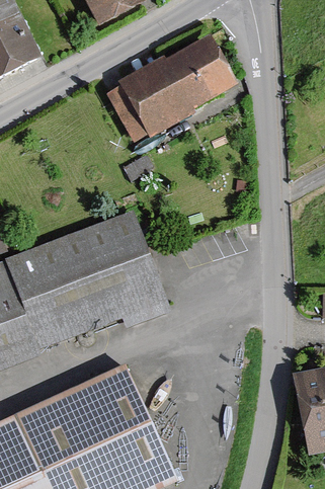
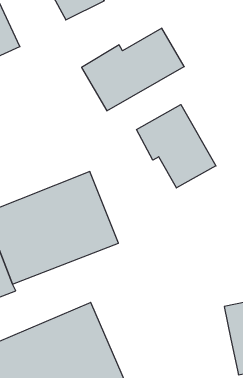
building: none -> [137,105,216,188]

